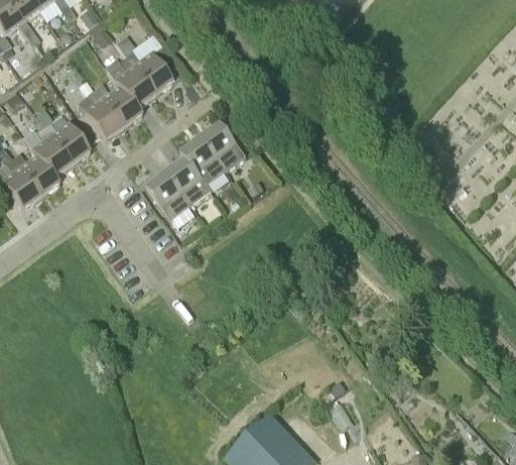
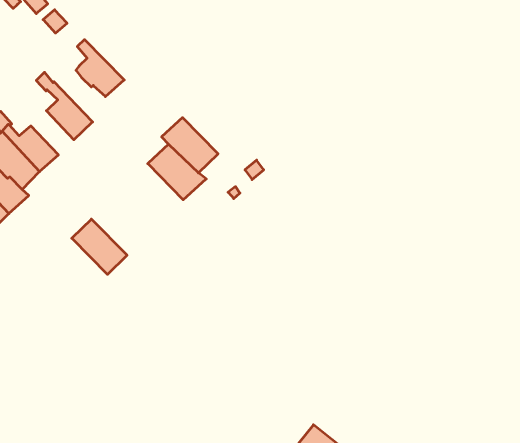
building: [117,42,170,97] -> none
building: [93,85,140,129] -> none
building: [199,121,246,171] -> none
building: [144,171,189,221] -> [72,219,127,274]

